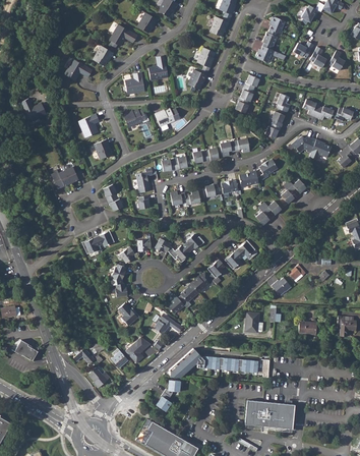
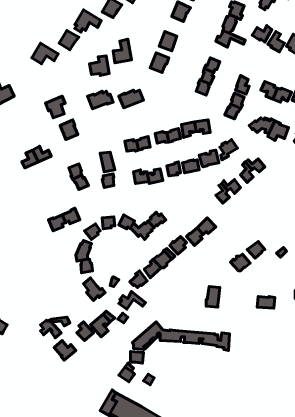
building: [244,399,294,429] -> none

